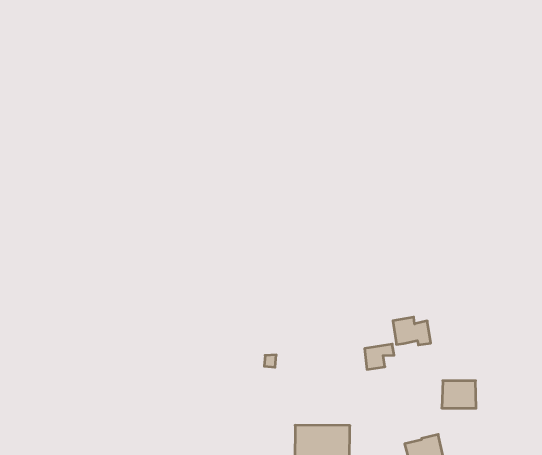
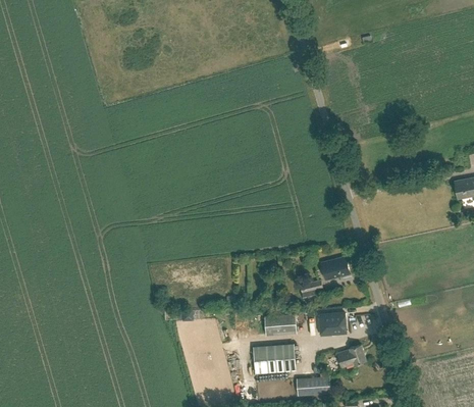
building: [442,381,476,408] -> [318,312,345,335]
building: none -> [264,313,296,334]

